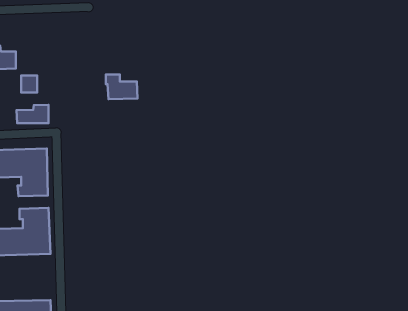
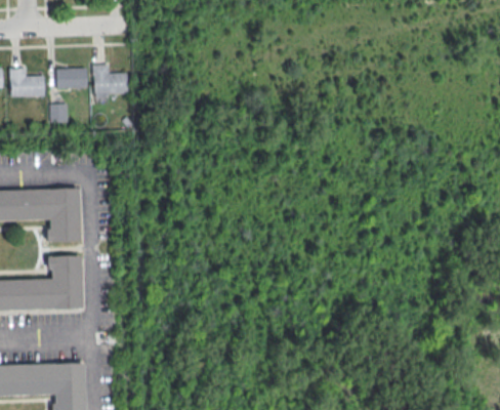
building: none -> [55,68,86,88]
building: [106,74,138,99] -> [91,66,128,94]
building: [17,105,48,123] -> none

